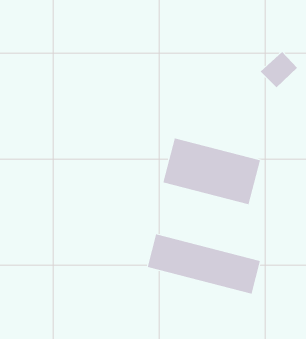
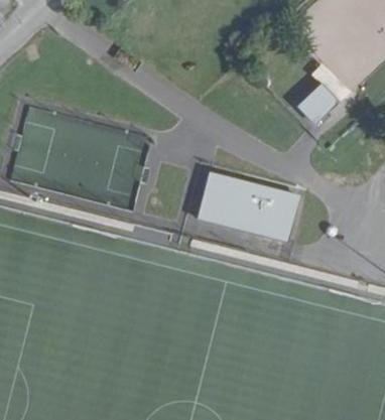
building: [147,233,260,295] -> none

